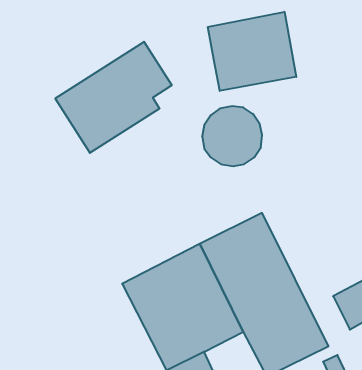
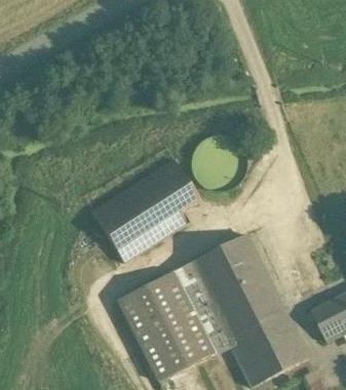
building: [208,12,296,91] -> none
building: [55,42,172,153] -> [91,159,199,262]

